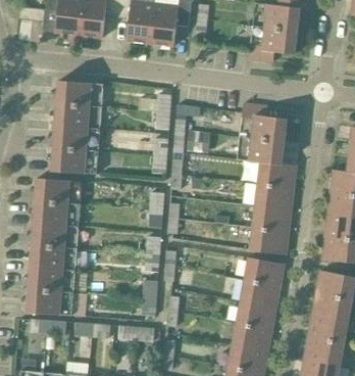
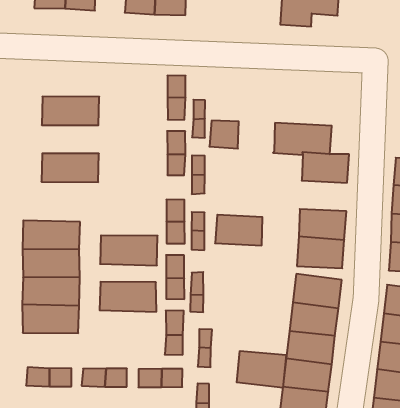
building: [56,81,102,106] -> none
building: [239,103,286,141] -> none
building: [53,126,99,151] -> none
building: [35,178,82,204] -> [100,235,158,265]
building: [254,183,293,209] -> [215,215,262,245]
building: [27,289,72,316] -> [100,282,156,312]
building: none -> [237,351,286,388]

